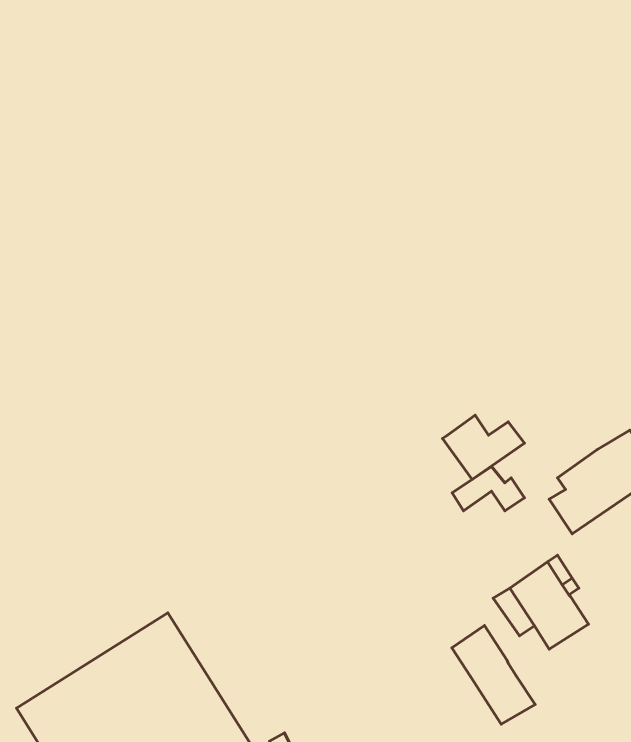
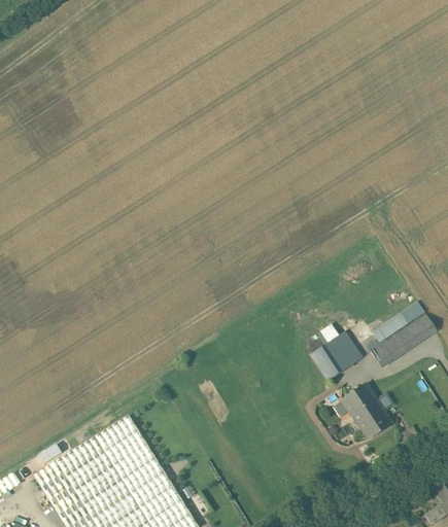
building: [442,415,525,479] -> [311,341,363,381]
building: [452,626,535,724] -> none

